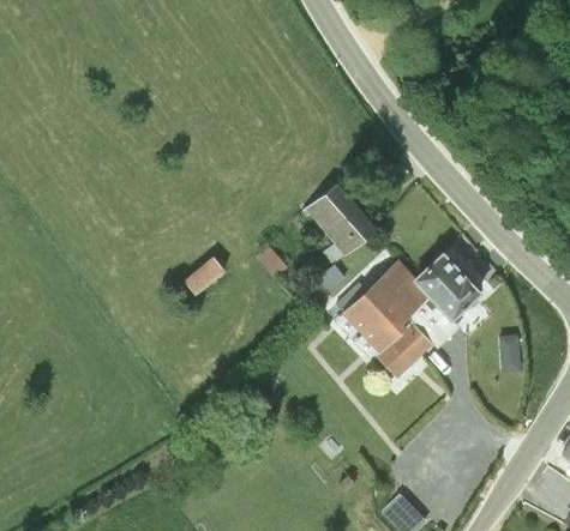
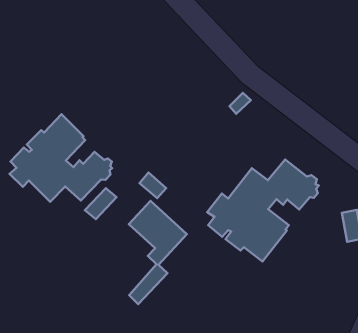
building: none -> [9,114,112,202]
building: [294,183,377,310] -> [129,201,187,304]

